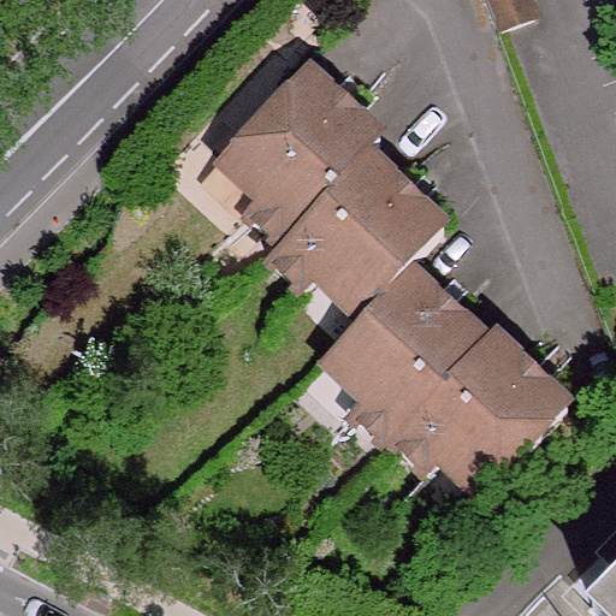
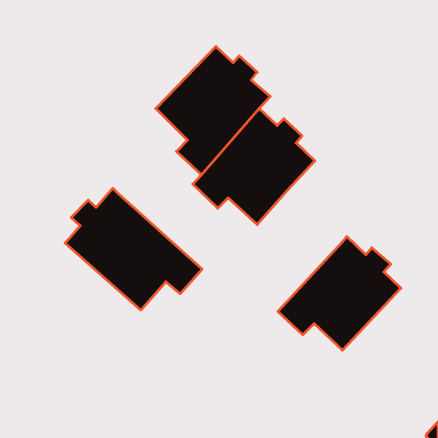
building: none -> [65,188,202,310]
building: [321,268,479,444] -> none

